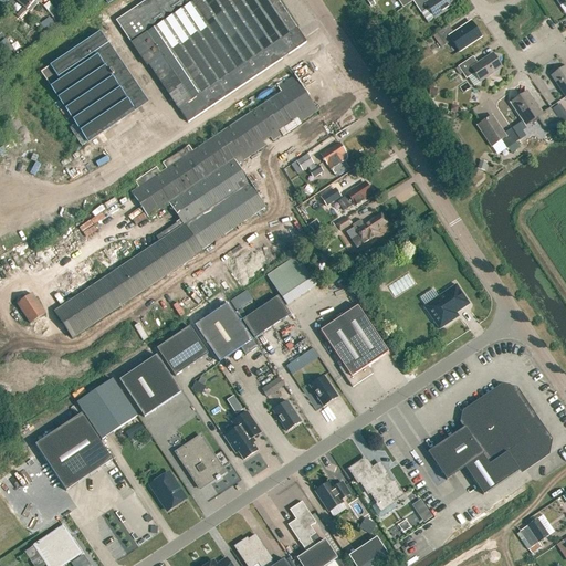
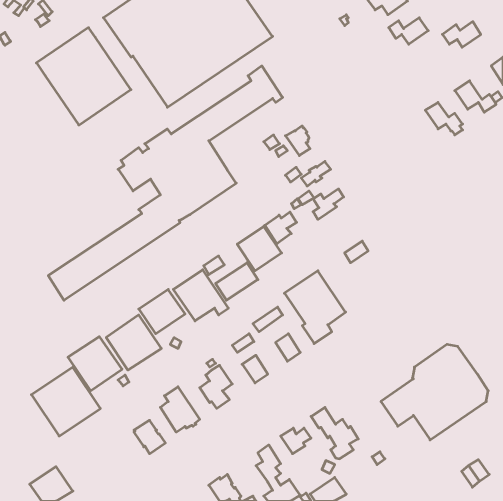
building: [458,51,501,80] -> [442,22,481,47]
building: none -> [265,212,297,244]
building: [423,283,469,327] -> none
building: [17,292,45,322] -> none

